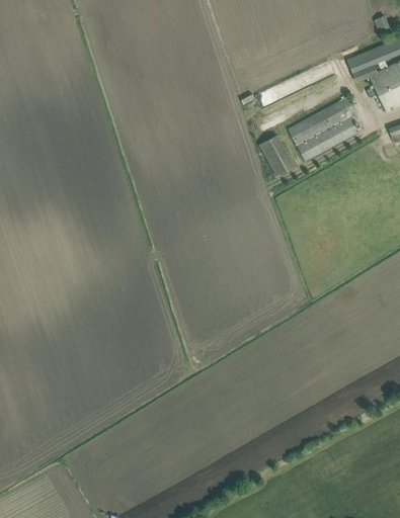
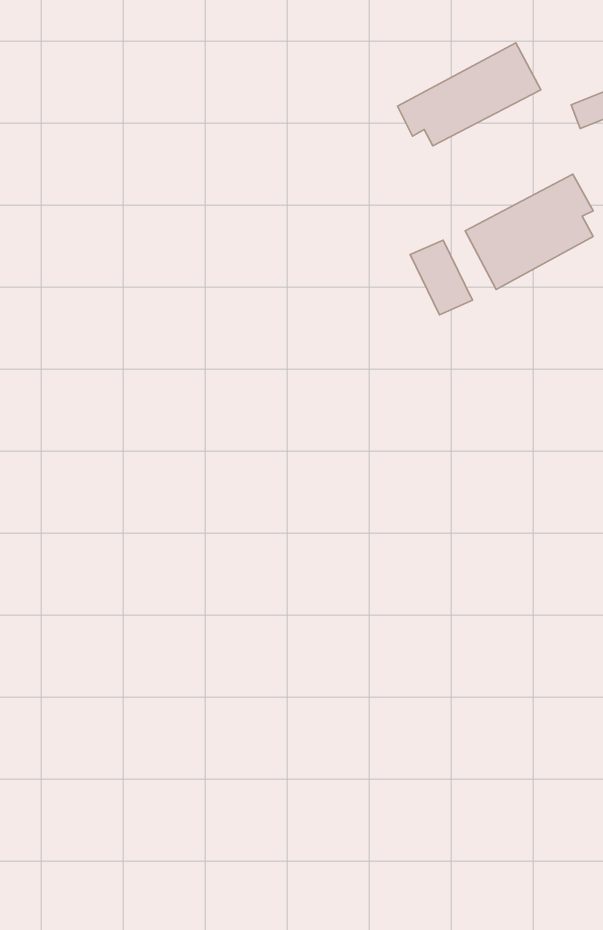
building: none -> [397,43,541,146]

